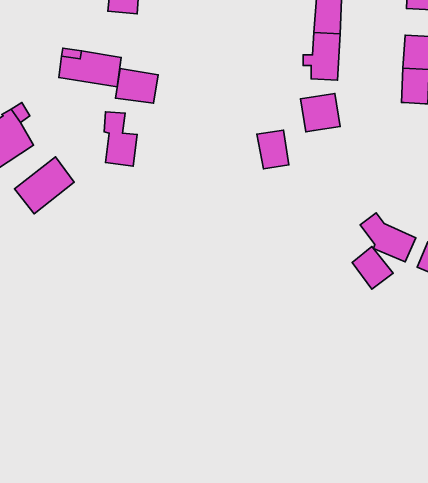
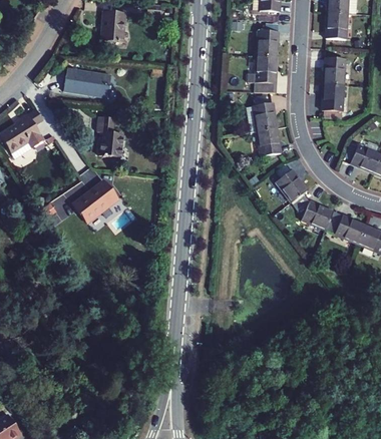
building: [115,68,158,103] -> none
building: [257,130,289,169] -> [257,128,281,157]
building: [14,157,74,214] -> [73,180,118,224]
building: [352,247,393,289] -> [277,170,308,202]

